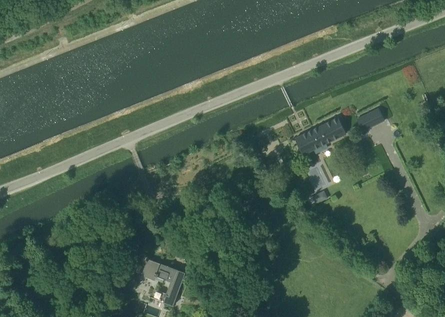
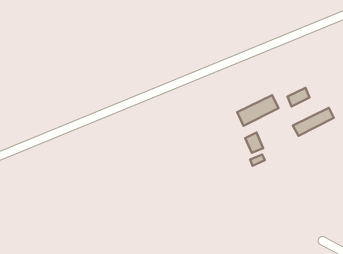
building: none -> [293,108,334,136]
building: [141,259,185,306] -> none

